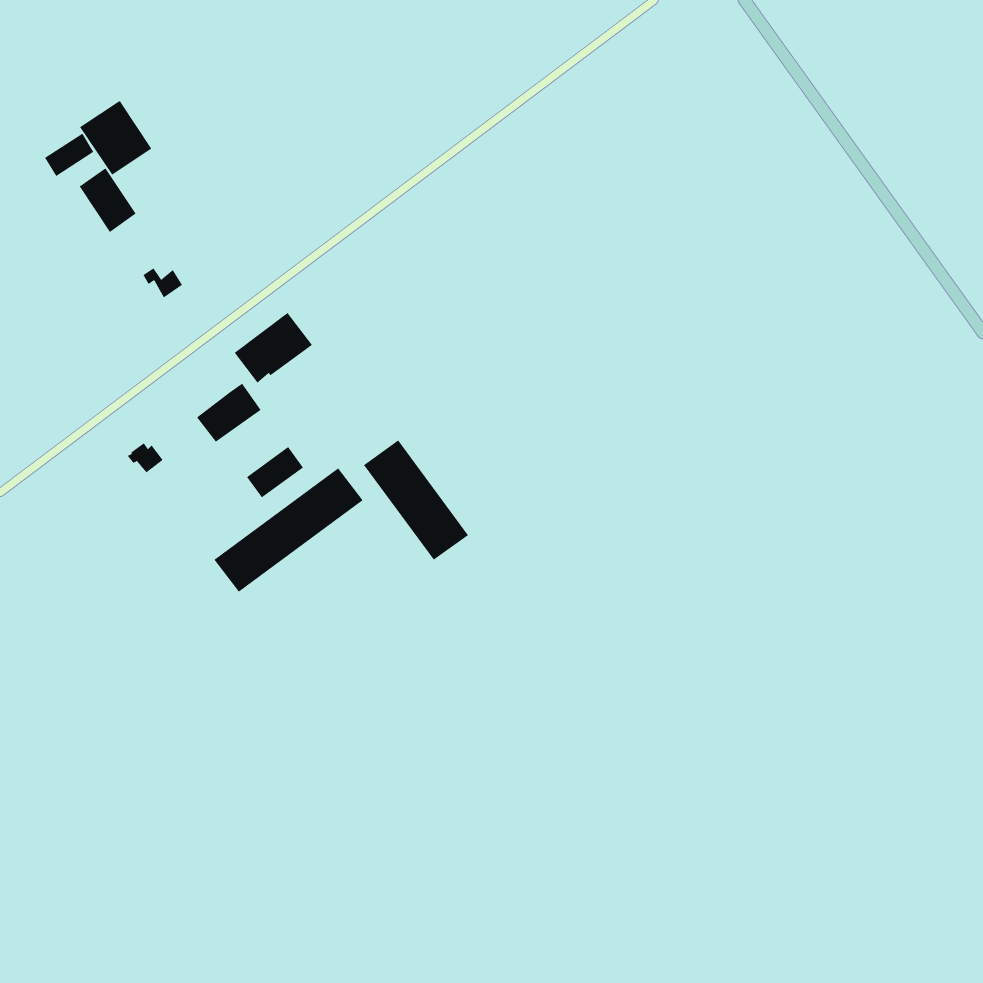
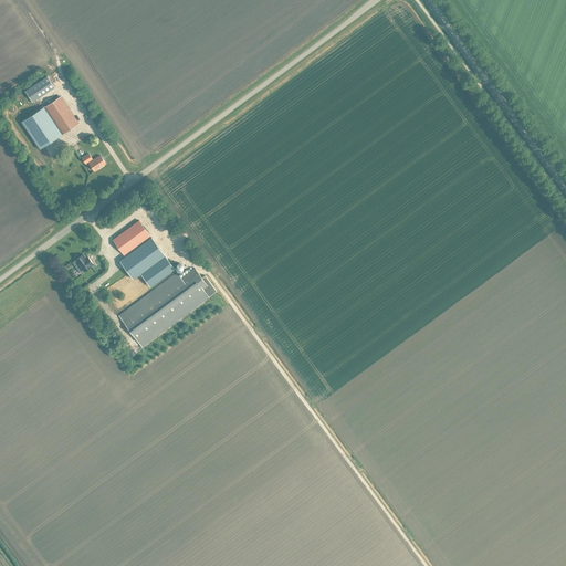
building: [79,100,152,175] -> [21,106,63,149]
building: [234,312,313,383] -> [120,238,166,279]
building: [363,440,469,561] -> none

